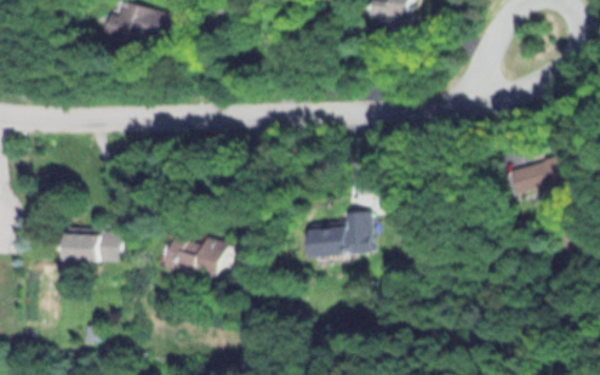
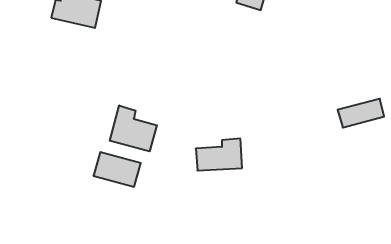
building: none -> [110,105,157,151]
building: [58,229,121,262] -> none

